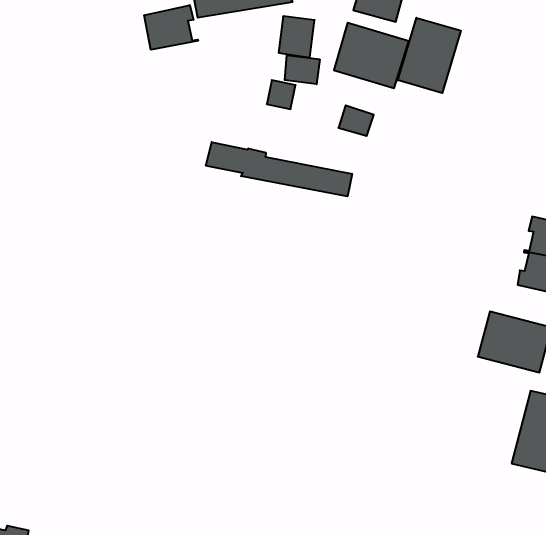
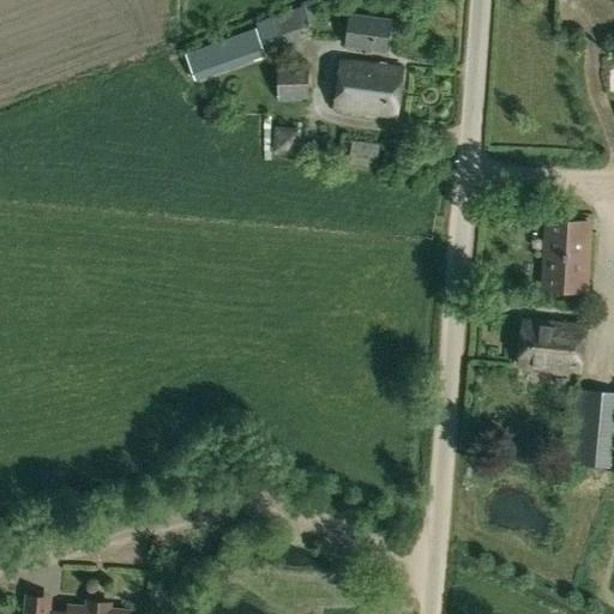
building: [144,5,198,50] -> none
building: [398,18,461,93] -> none
building: [285,55,320,84] -> none
building: [206,142,352,196] -> none

